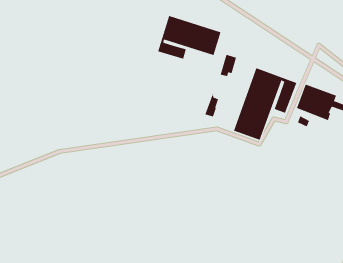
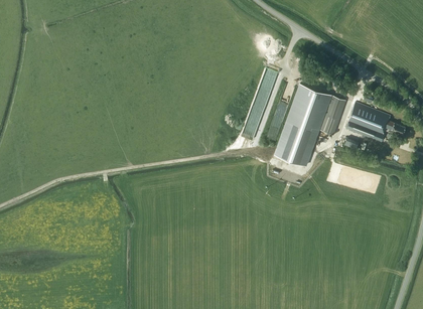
building: [158,15,221,59] -> none

